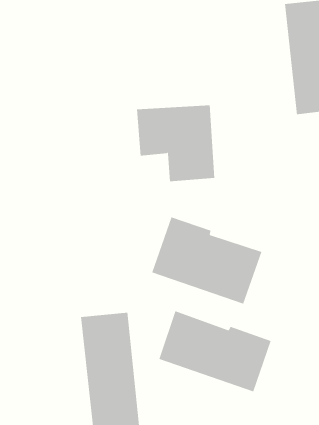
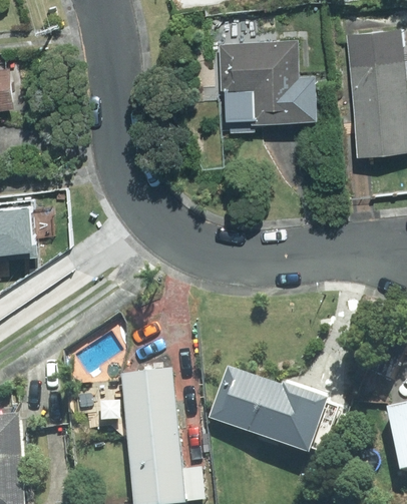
building: [136,105,215,182] -> [217,39,303,123]
building: [151,217,262,305] -> none

